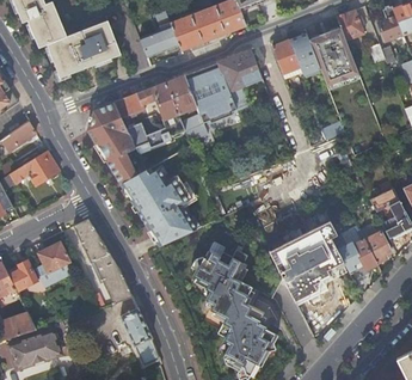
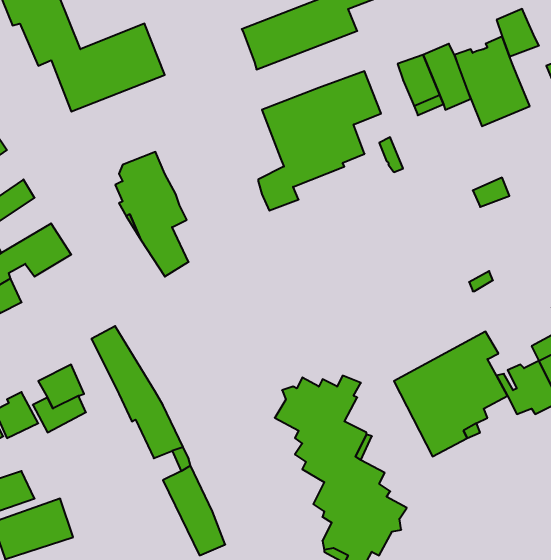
building: [140,26,179,59] -> none
building: [115,76,196,151] -> none
building: [121,171,196,247] -> none

